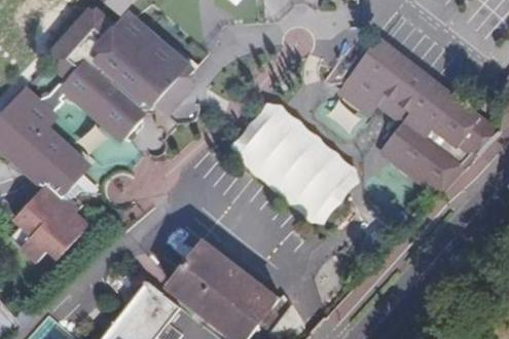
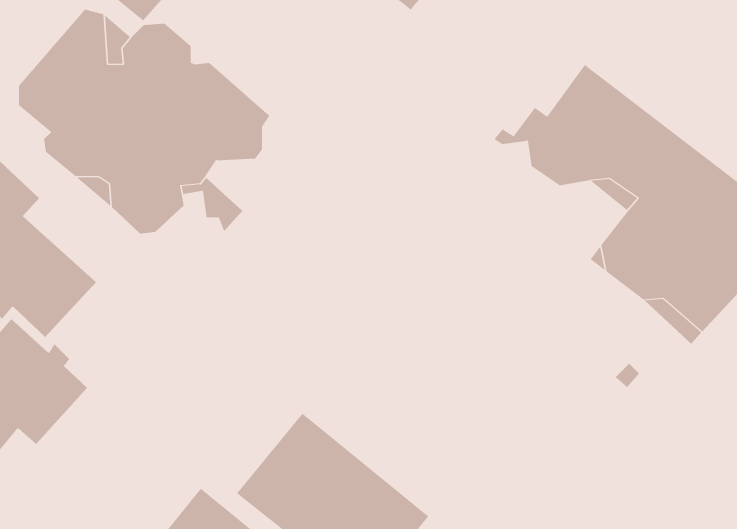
building: [230,101,366,220] -> none

